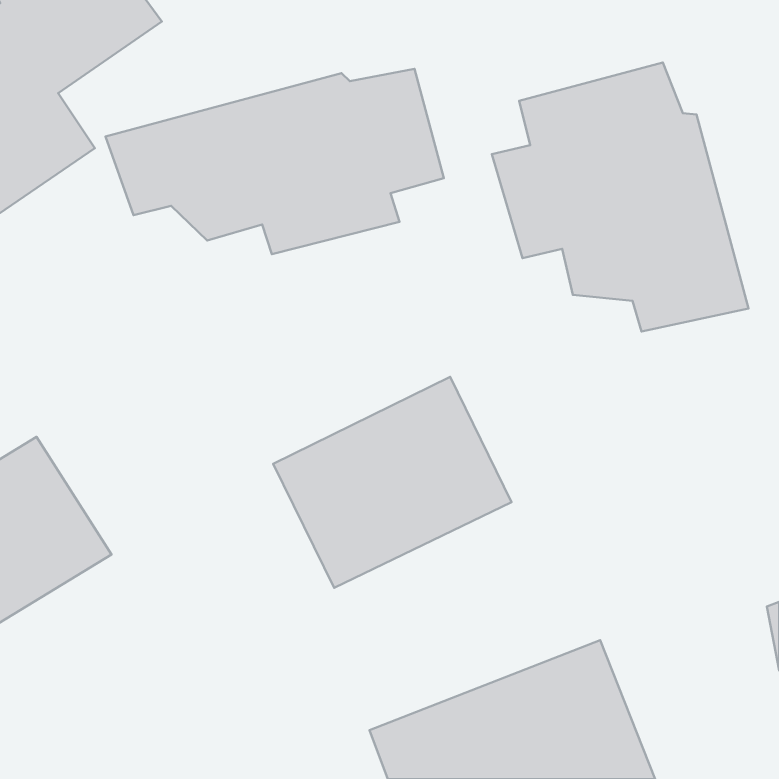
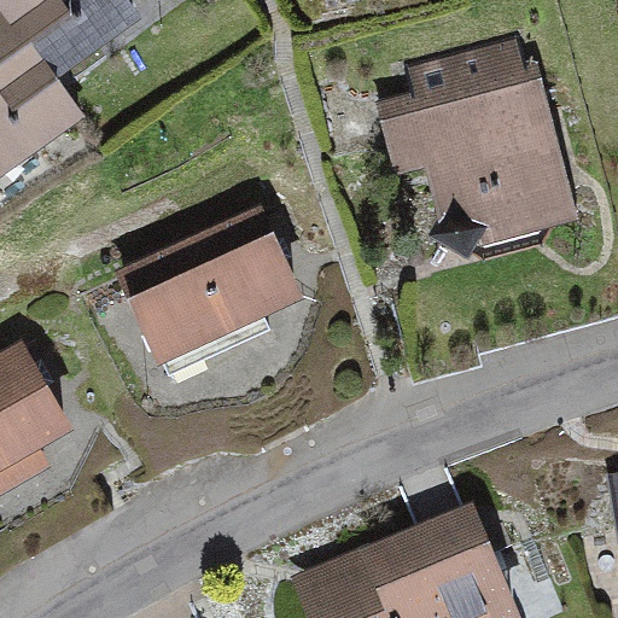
building: [105,69,444,254] -> none
building: [273,377,511,588] -> [106,209,295,375]

